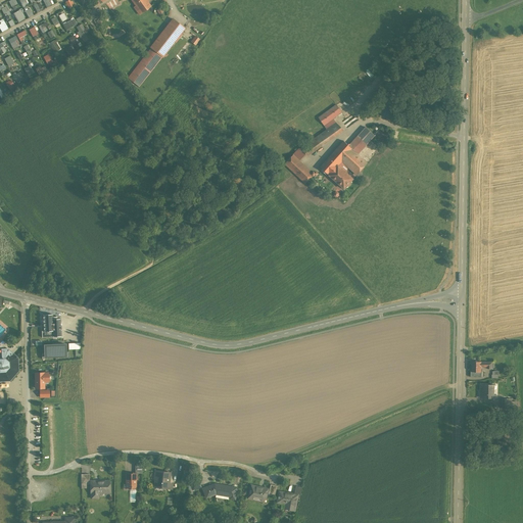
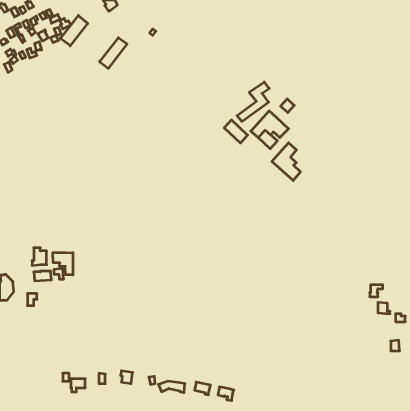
building: [149,18,184,57] -> [60,15,88,46]
building: none -> [272,143,300,181]
building: none -> [53,253,73,275]

